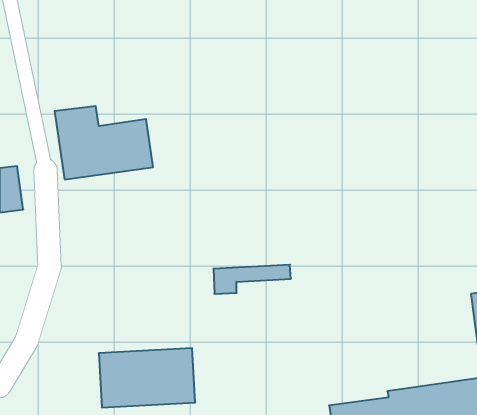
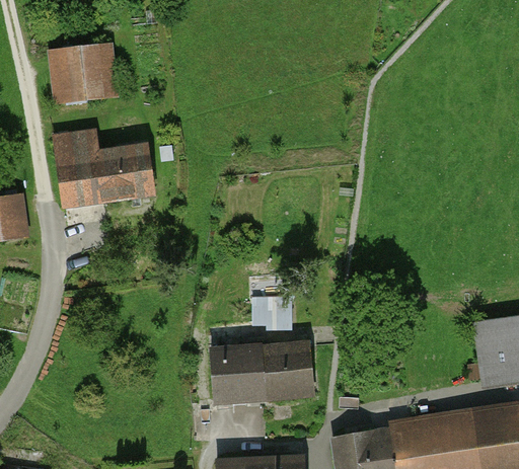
building: none -> [59,48,108,98]
building: [99,348,195,407] -> [212,342,309,402]

